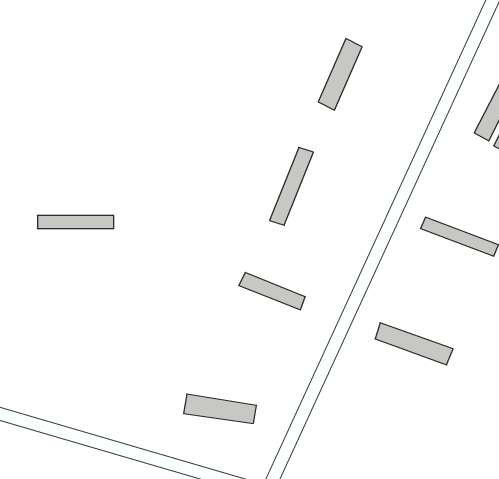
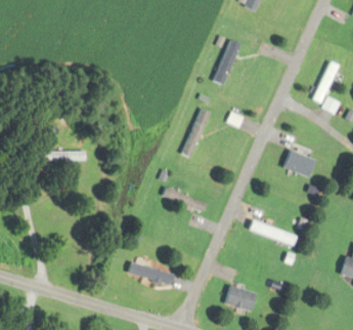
building: none -> [225,285,256,310]

